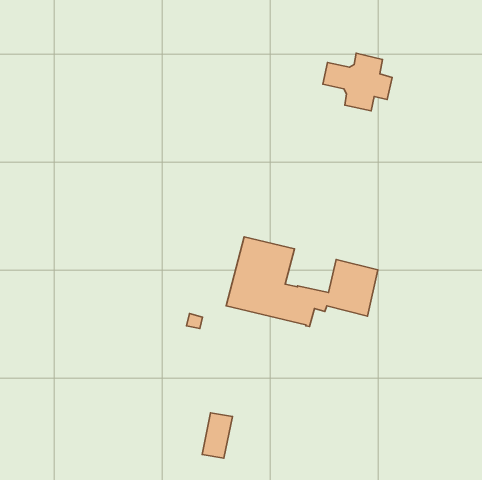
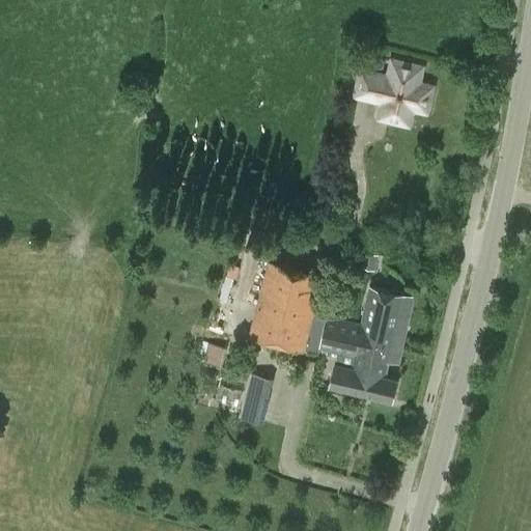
building: none -> [328,339,402,402]
building: [202,413,232,458] -> [237,374,271,424]

